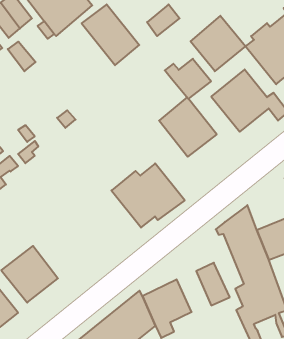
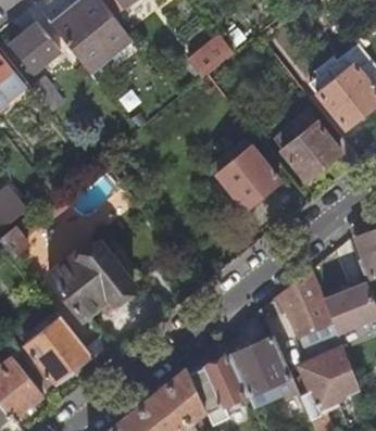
building: [82,4,139,65] -> none
building: [191,16,246,71] -> none
building: [165,59,211,99] -> none
building: [111,163,185,228] -> [50,243,136,318]
building: none -> [229,346,270,396]

